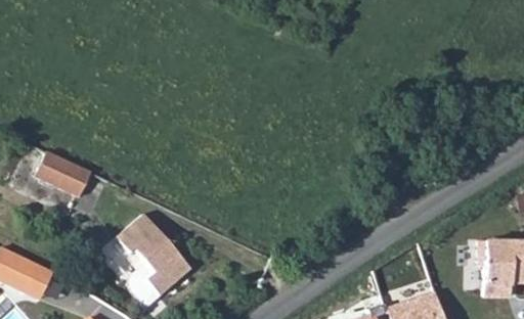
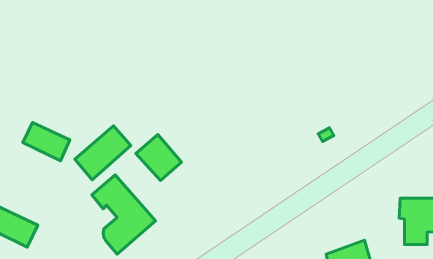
building: none -> [75,126,131,180]
building: none -> [136,135,182,180]

